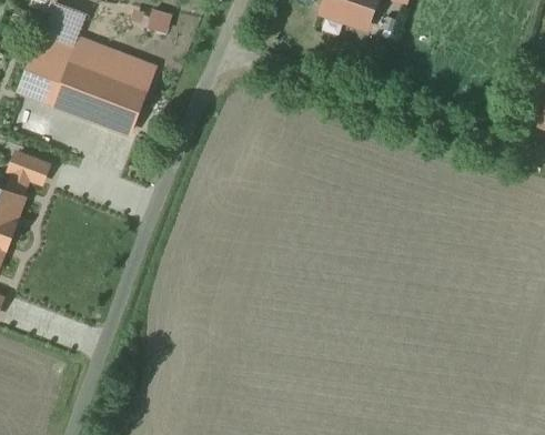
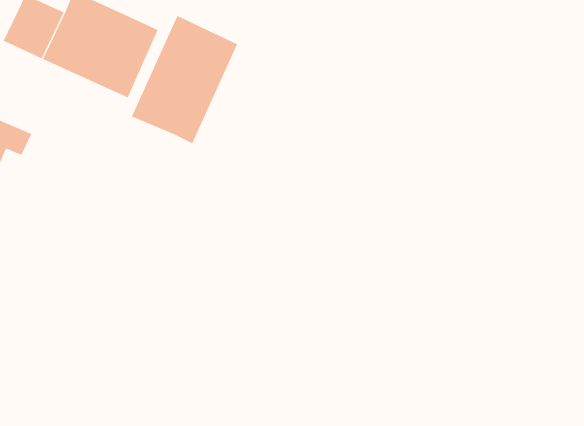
building: none -> [131,15,238,144]

